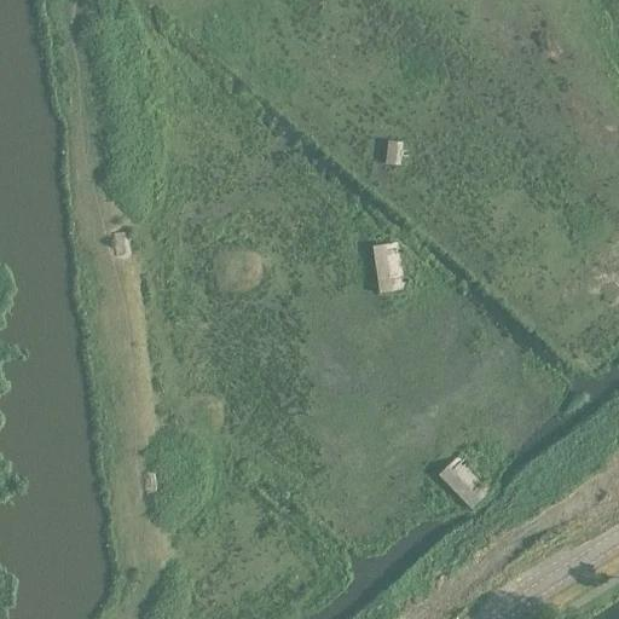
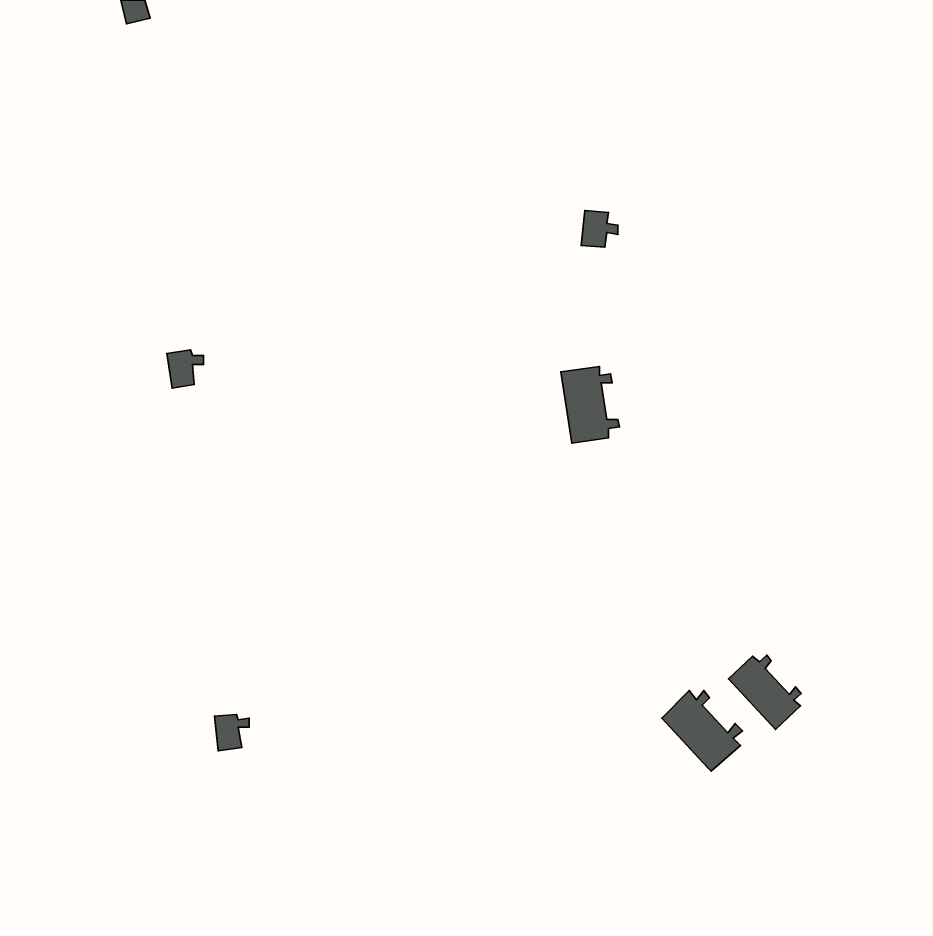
building: none -> [728,655,801,730]

